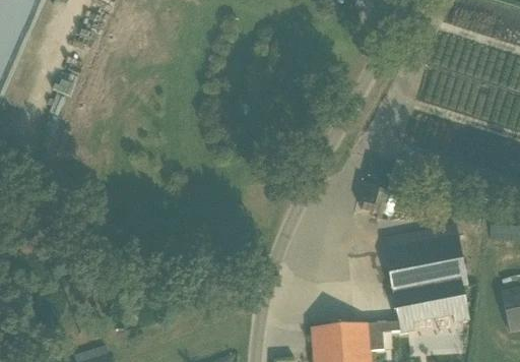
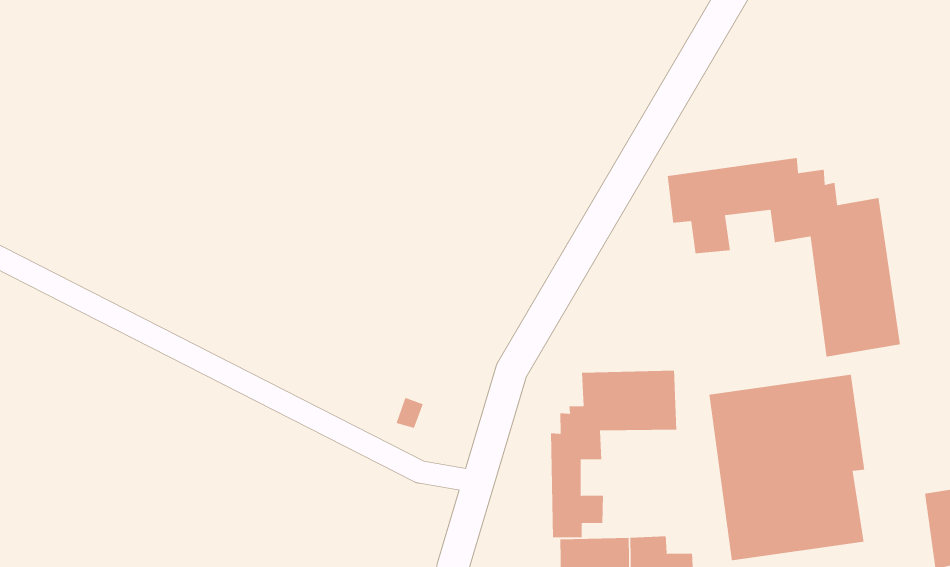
building: none -> [667,157,901,358]
building: none -> [550,370,677,538]

